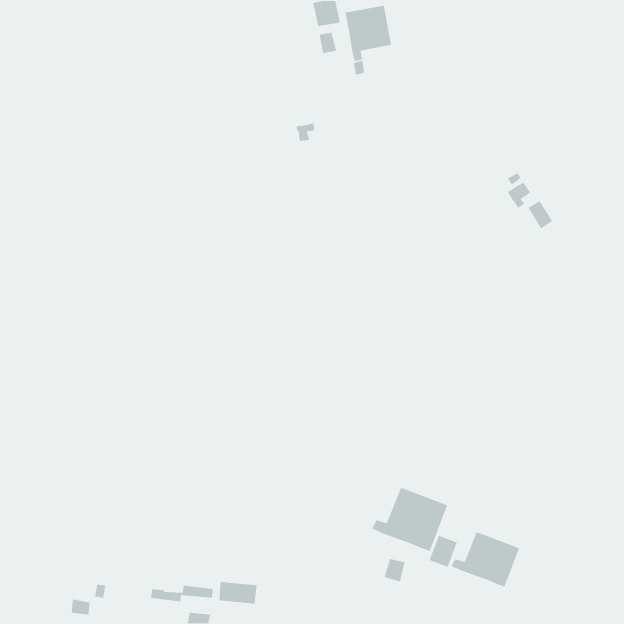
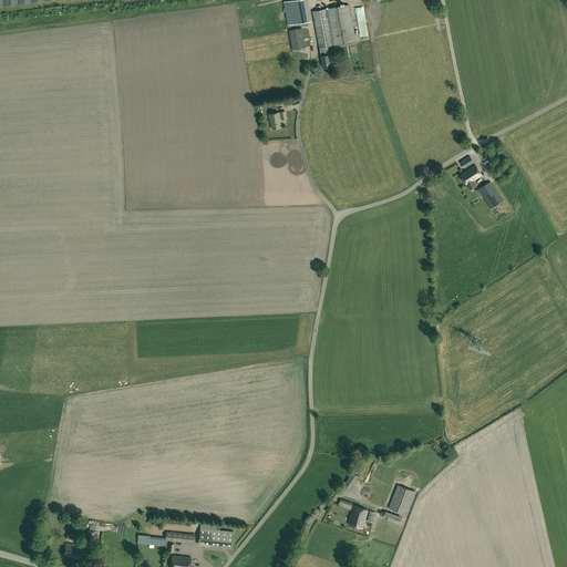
building: [371,487,448,552] -> none
building: [451,531,520,588] -> none

